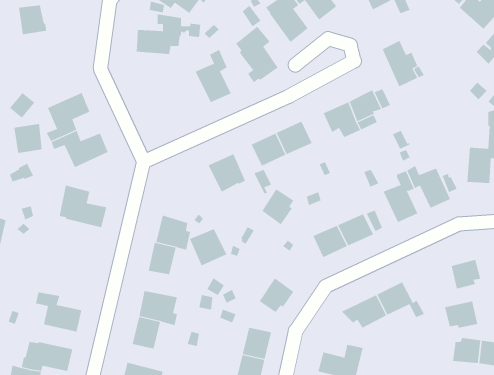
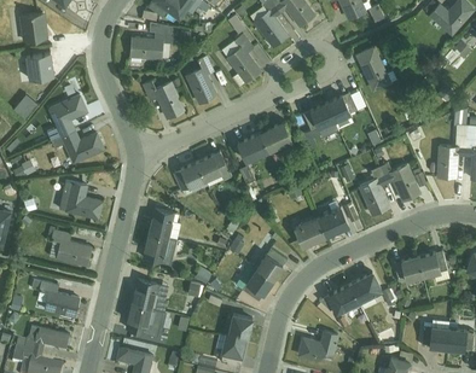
building: none -> [143,78,182,117]
building: [14,123,42,153] -> [25,52,52,80]
building: [262,189,294,225] -> [257,245,288,279]
building: [189,228,227,266] -> [173,162,208,197]
building: none -> [46,226,91,267]
building: [444,301,478,328] -> [394,255,425,280]

